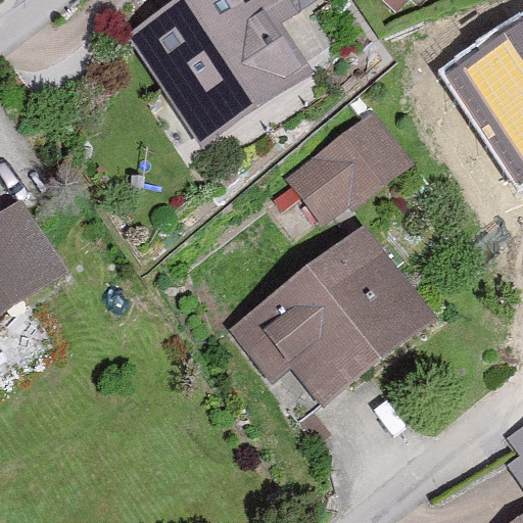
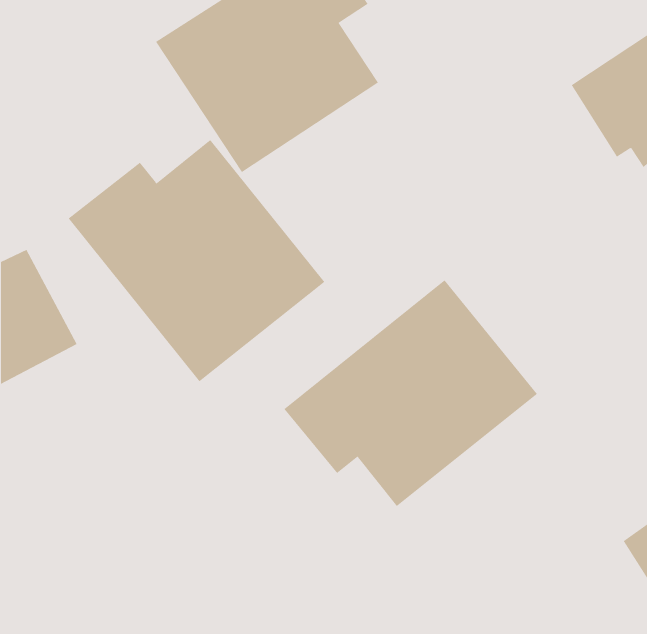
building: [287,110,410,219] -> none
building: none -> [68,139,325,382]

